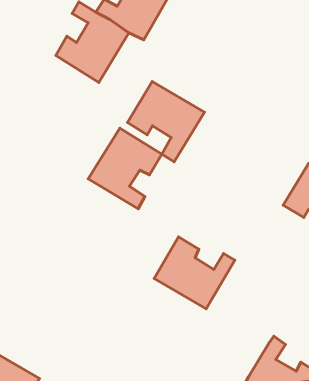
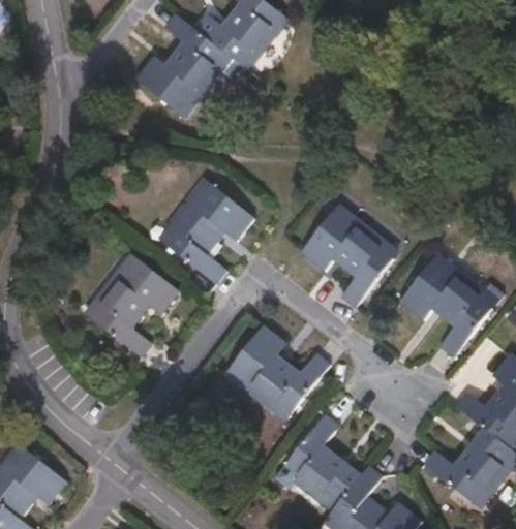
building: [127,82,204,162] -> [302,205,400,309]
building: none -> [84,254,180,357]
building: none -> [279,415,360,512]

